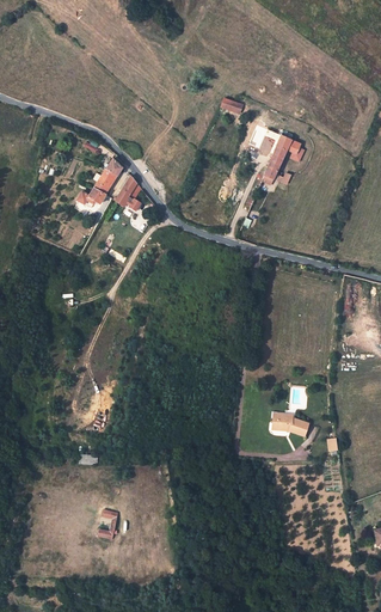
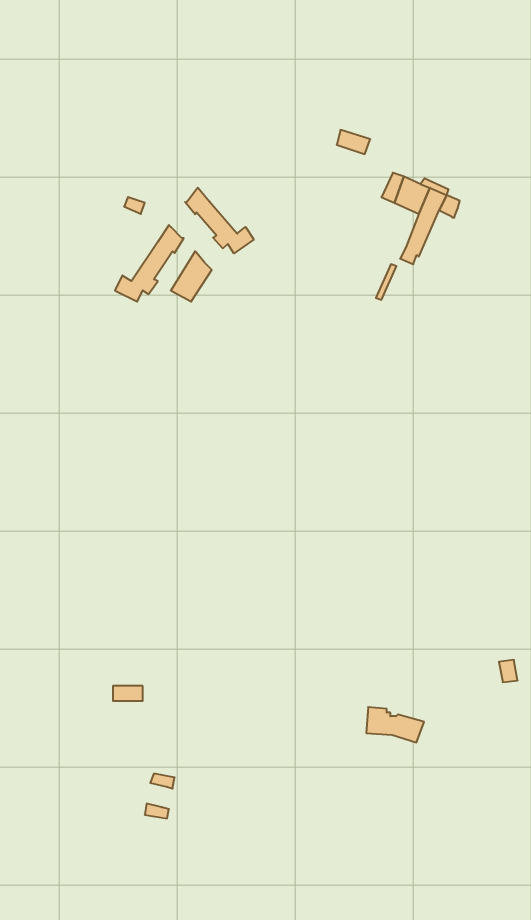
building: none -> [185,188,254,253]
building: [272,414,309,436] -> [366,707,424,742]

